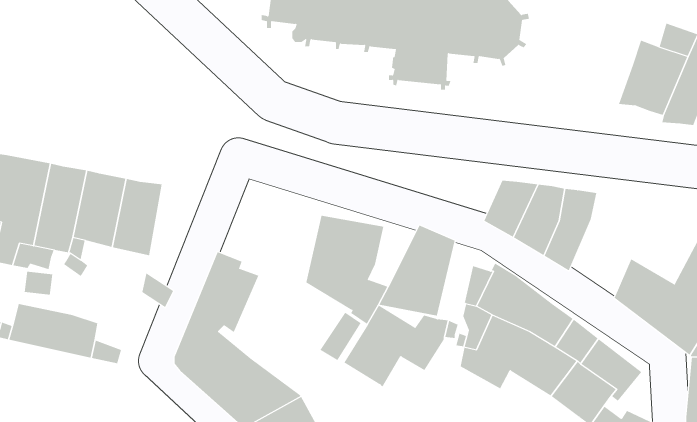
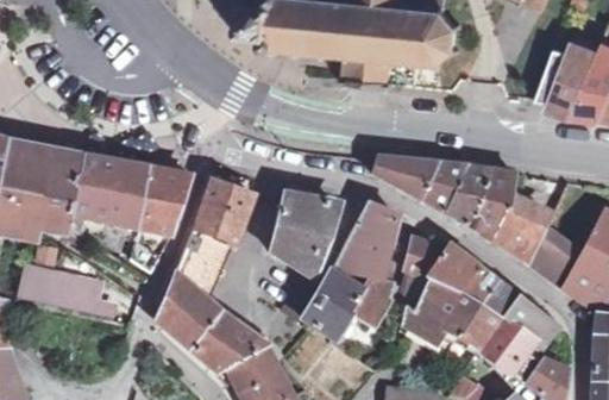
building: none -> [376,157,438,198]
building: none -> [139,167,192,235]
building: none -> [196,179,255,239]
building: none -> [495,196,547,260]

